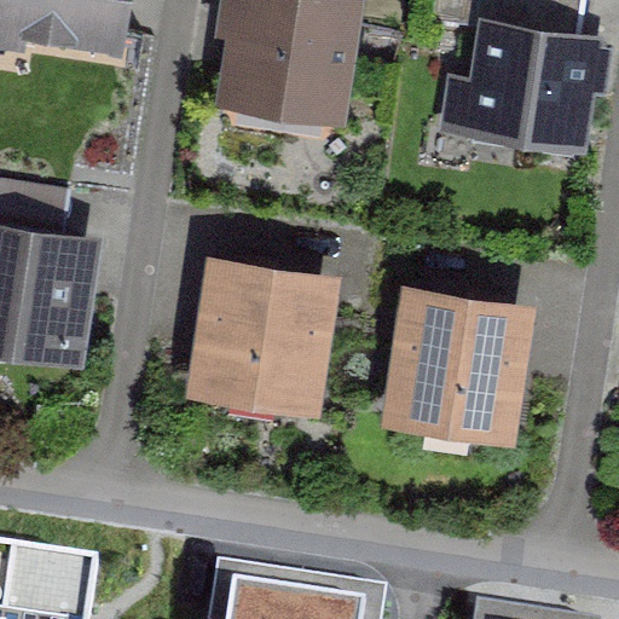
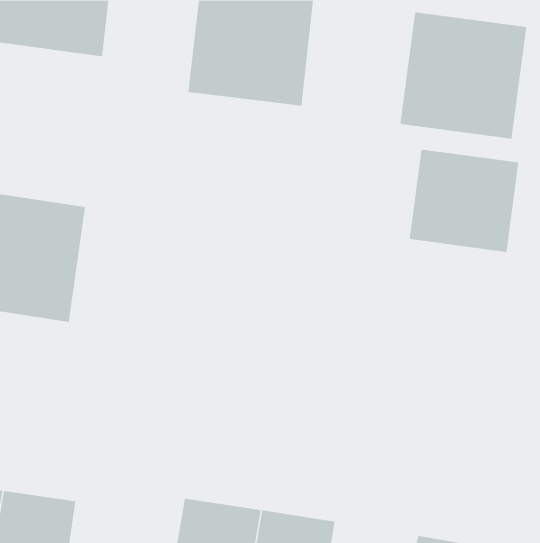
building: none -> [409,149,519,253]
building: [197,259,340,418] -> none
building: [383,289,525,440] -> none

